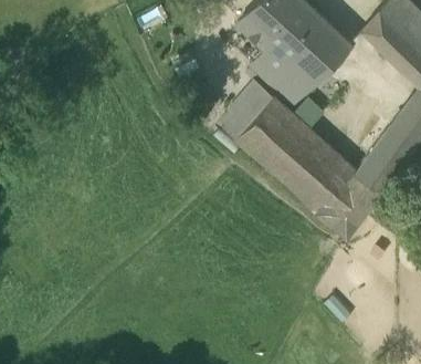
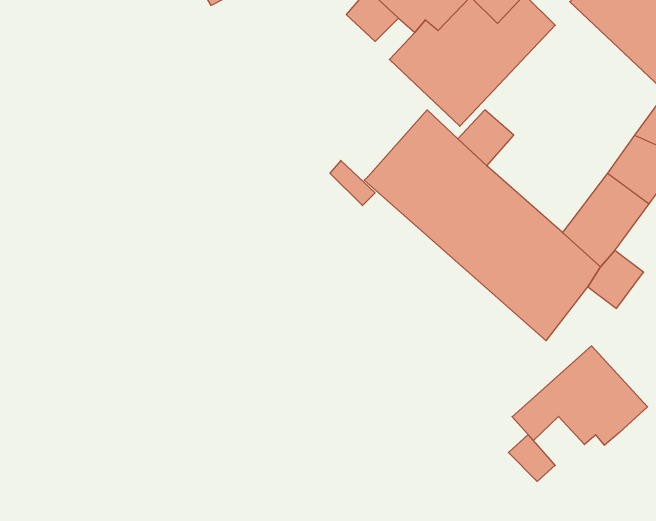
building: [221,80,274,137] -> none
building: none -> [512,346,648,445]

